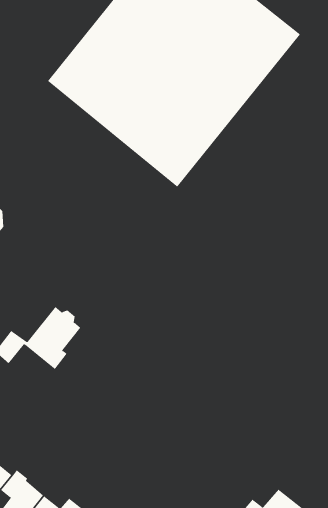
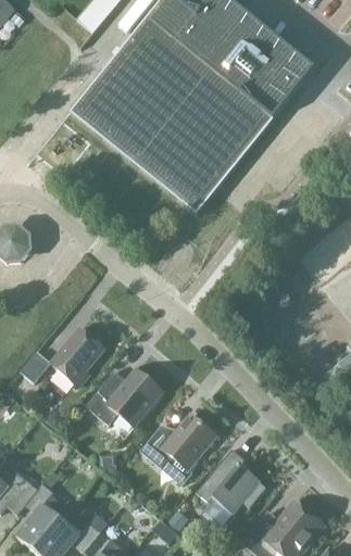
building: none -> [86,368,163,427]
building: none -> [140,414,215,470]
building: none -> [198,450,264,514]

